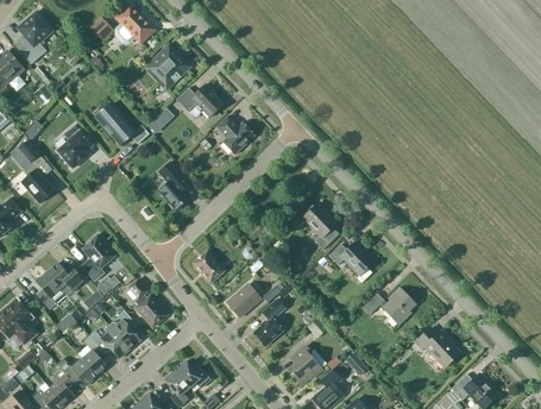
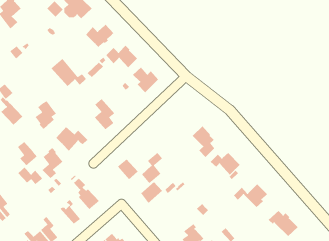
building: [58,124,92,168] -> [35,100,57,130]
building: none -> [56,126,88,151]
building: [36,272,67,309] -> [17,141,38,166]
building: [253,298,285,346] -> [141,152,163,184]
building: [89,325,130,358] -> none

